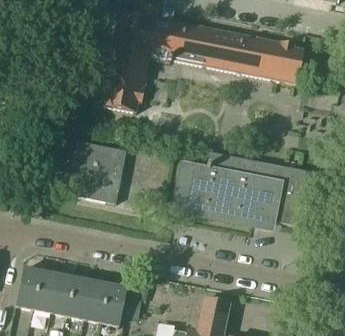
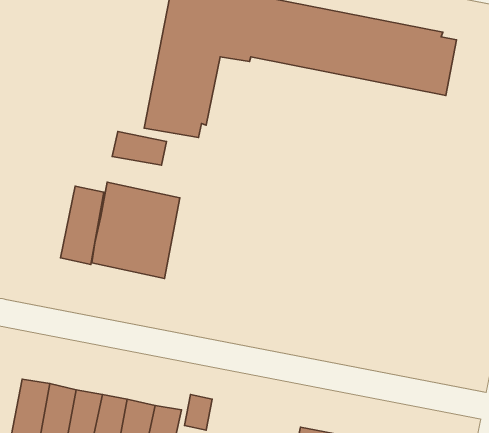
building: none -> [112,131,166,165]
building: none -> [60,186,104,265]
building: [175,152,307,225] -> none

